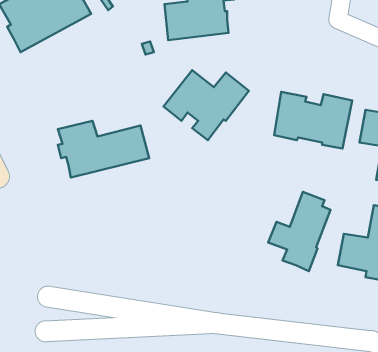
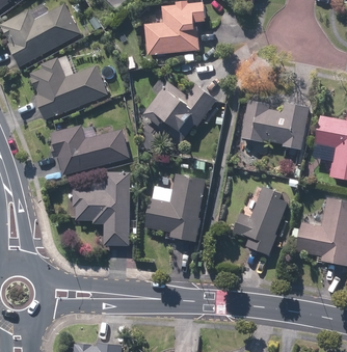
building: none -> [31,58,108,119]
building: none -> [74,172,131,245]
building: none -> [148,174,207,241]

